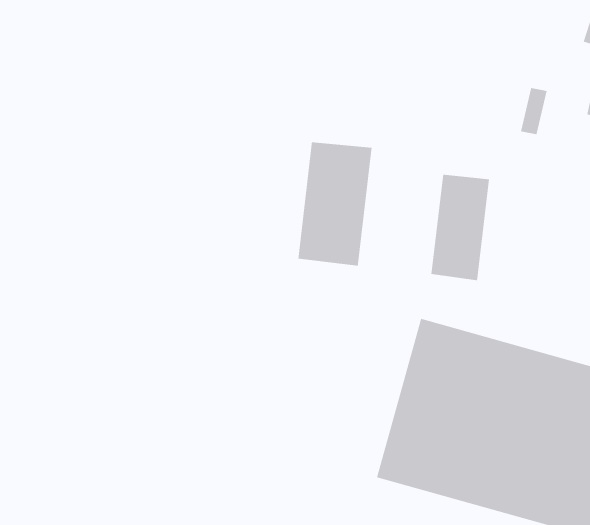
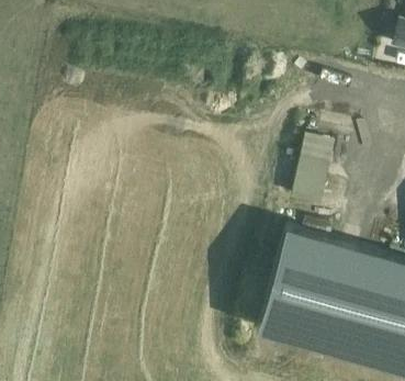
building: [298,142,372,267] -> none

